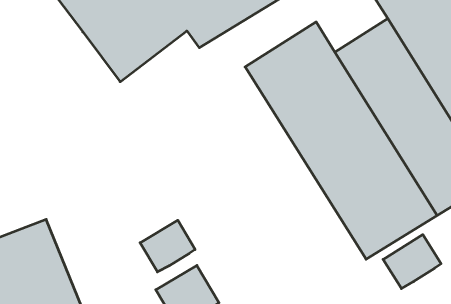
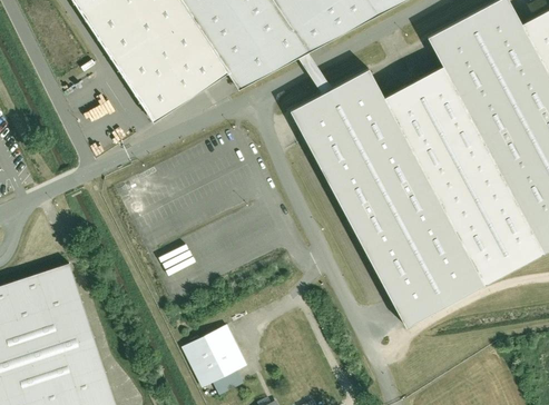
building: [140,220,195,272] -> none
building: [383,235,441,289] -> none

